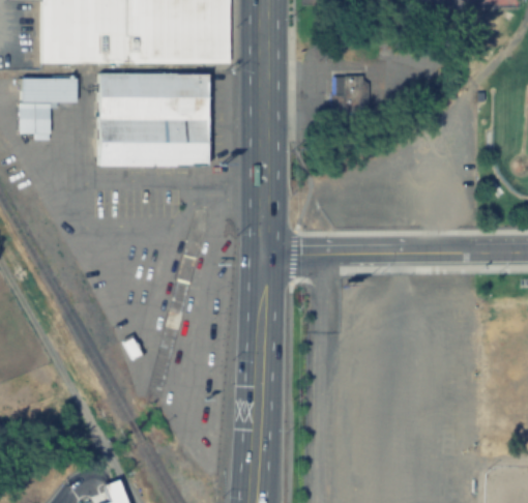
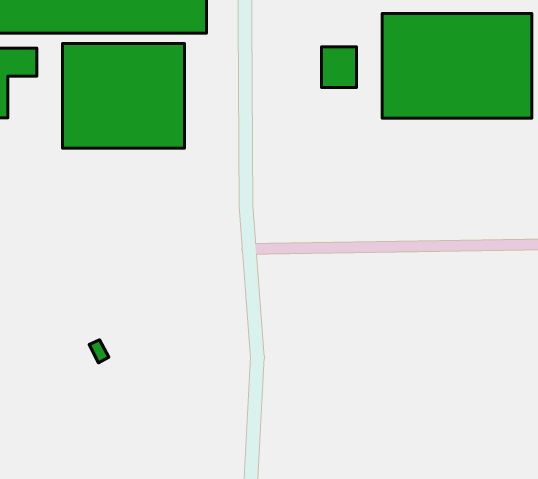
building: none -> [382,13,532,118]

